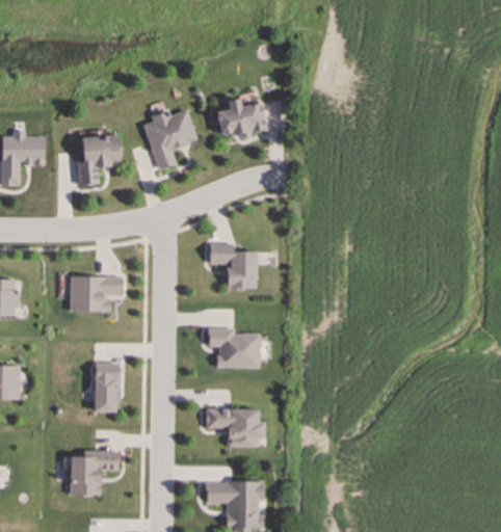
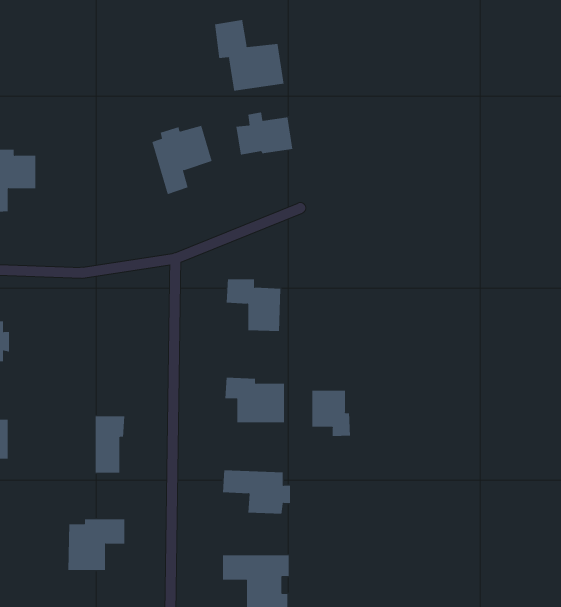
building: none -> [215,19,284,91]
building: [77,135,121,185] -> none
building: [68,276,122,312] -> none
building: none -> [312,390,350,437]

